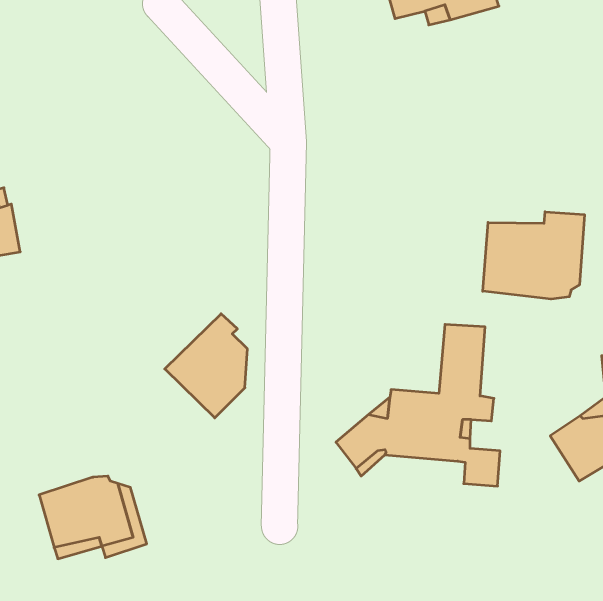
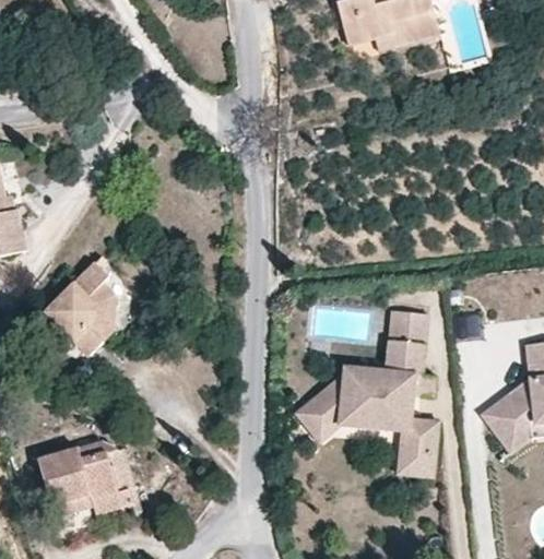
building: [483,212,584,299] -> none
building: [165,314,247,418] -> [44,264,116,355]
building: none -> [399,430,438,476]

